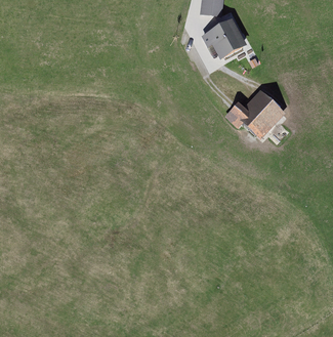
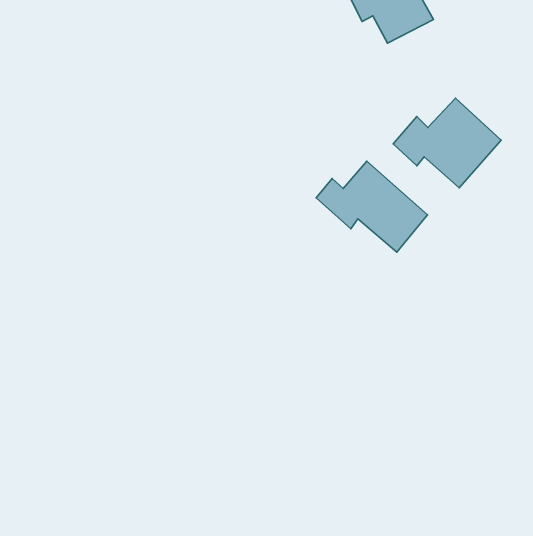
building: none -> [316,161,428,252]

